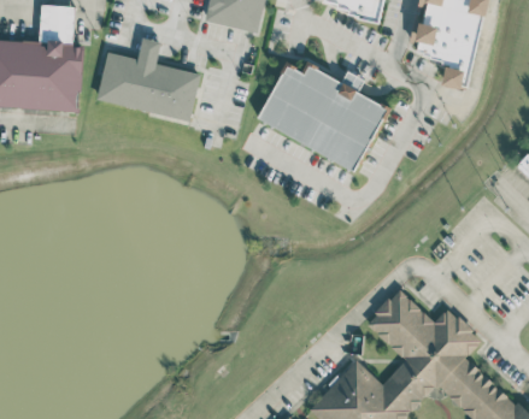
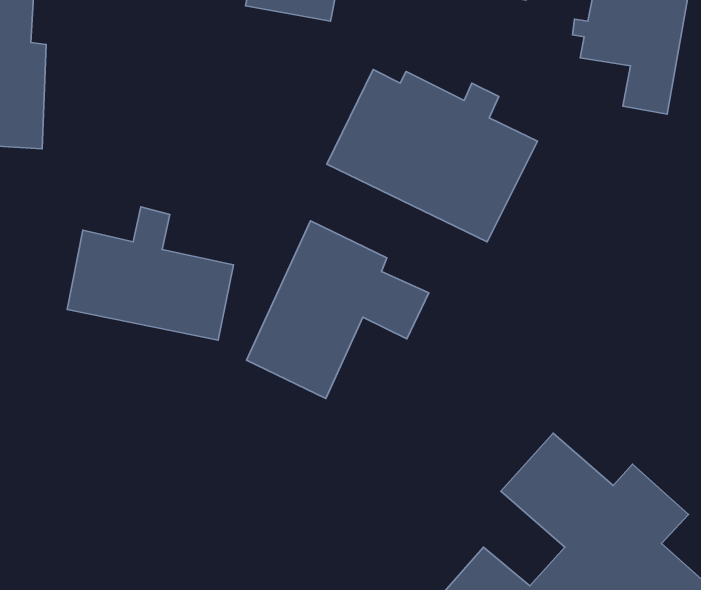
building: [96,37,200,120] -> [67,207,234,340]
building: none -> [246,221,429,399]

